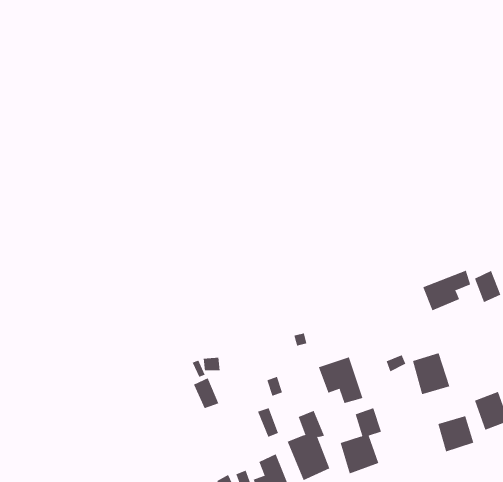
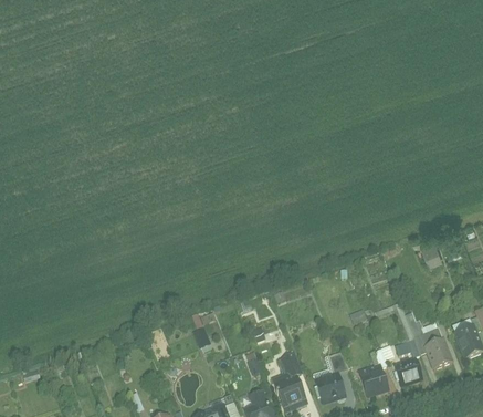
building: [422,270,471,311] -> none
building: [412,353,450,395] -> [358,363,389,397]
building: [318,356,363,404] -> none

